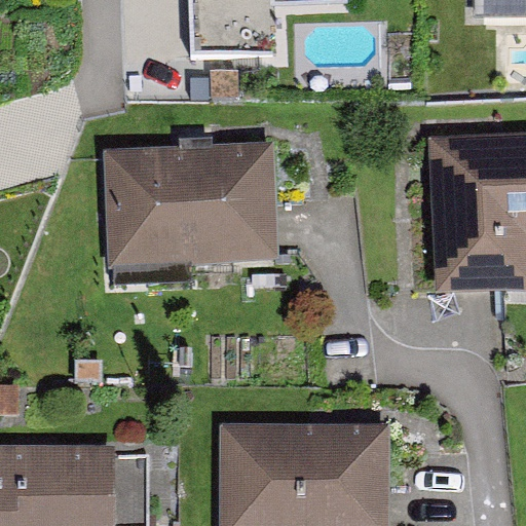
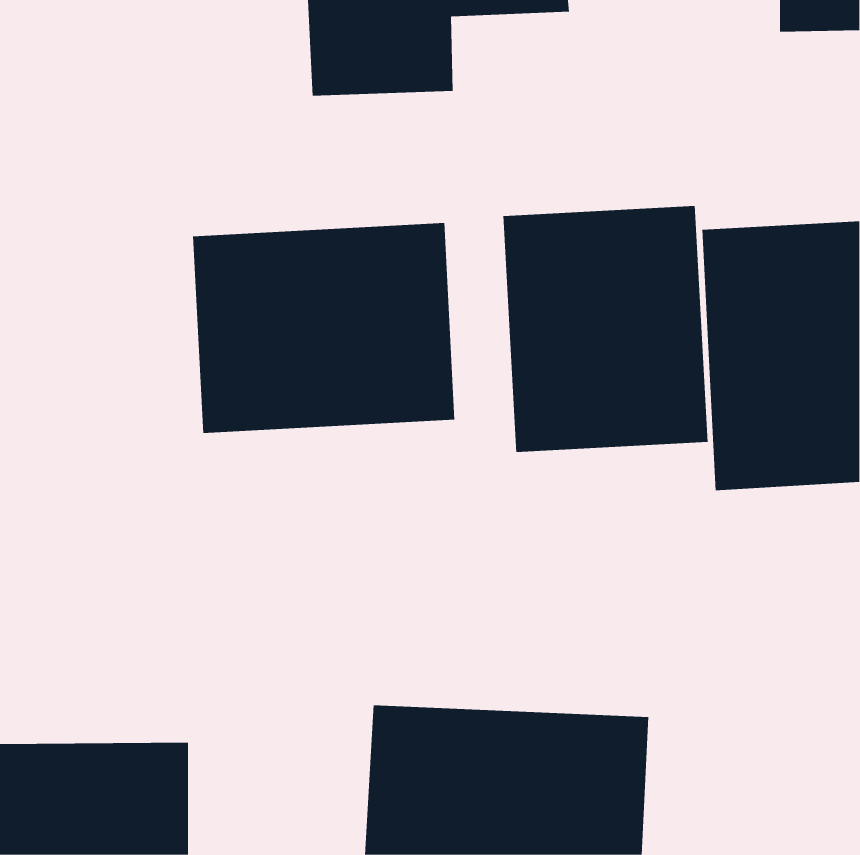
building: none -> [503,205,708,453]

